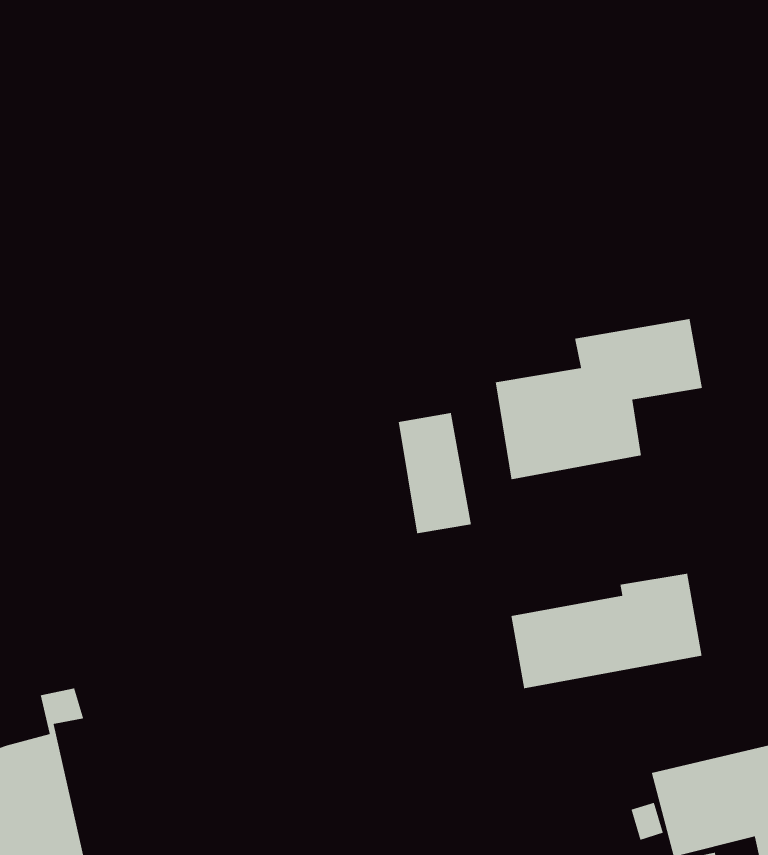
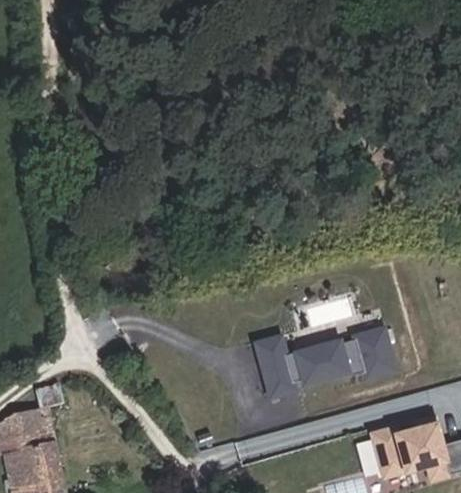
building: [495,318,703,480] -> none
building: [398,412,472,534] -> [254,334,294,400]

